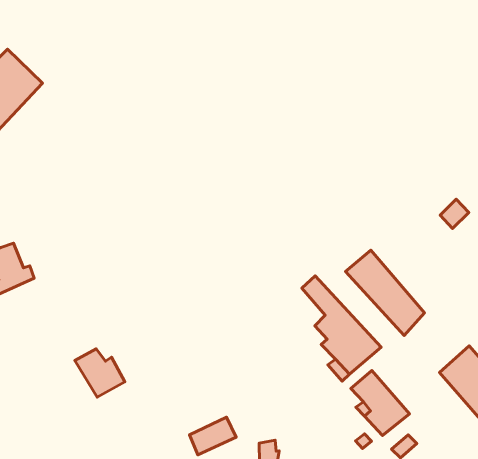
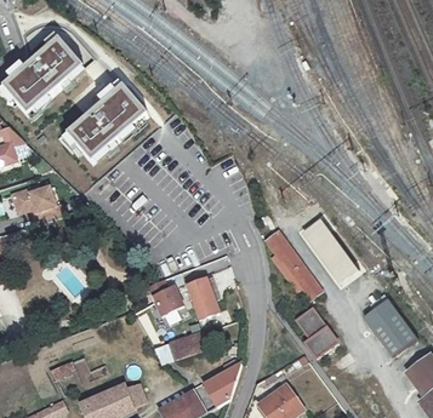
building: none -> [68,86,148,161]
building: none -> [187,277,218,319]
building: [75,349,125,397] -> [146,279,182,315]

